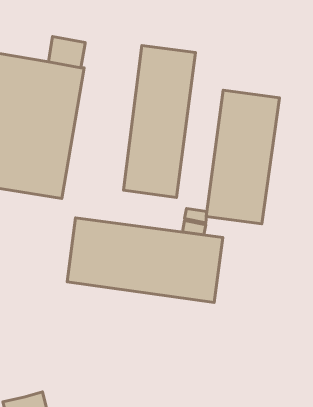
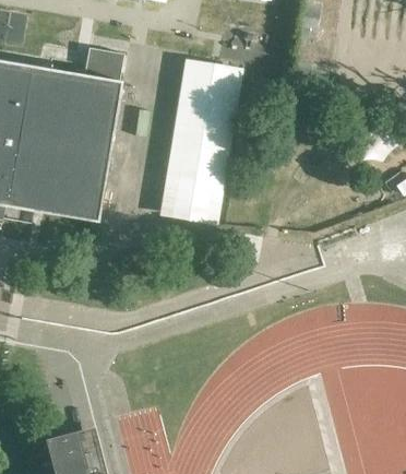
building: [206,90,280,224] -> none
building: [67,218,223,303] -> none

